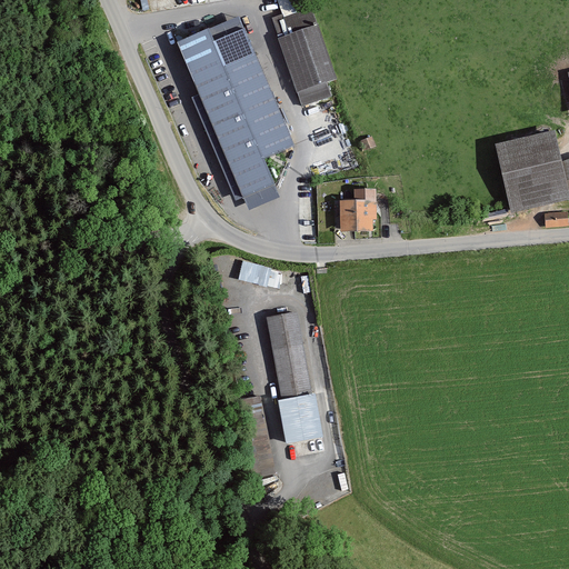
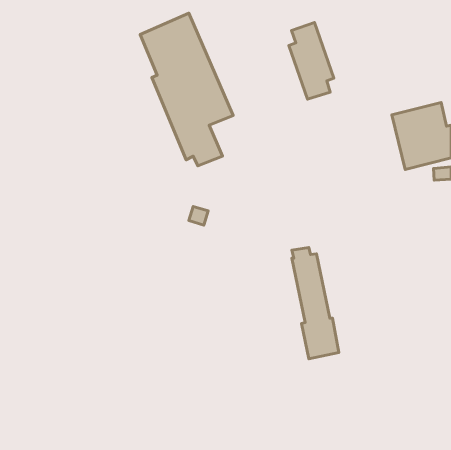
building: [279,9,336,106] -> [289,22,334,99]
building: [339,188,381,231] -> none
building: [264,303,323,443] -> [292,248,339,359]

